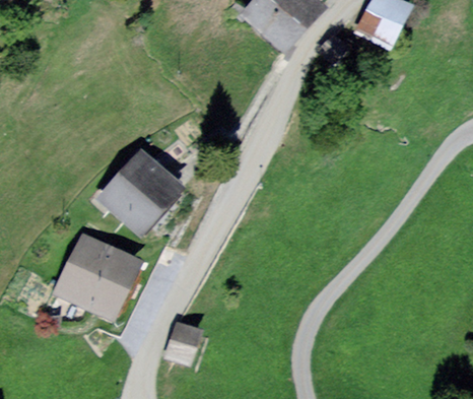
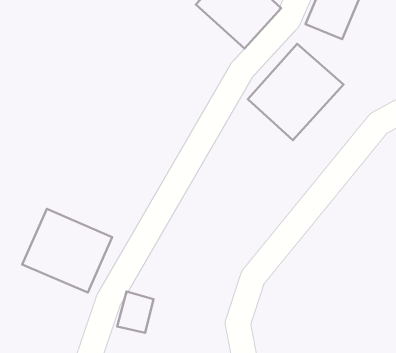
building: none -> [248,44,343,140]
building: [98,143,196,240] -> none

